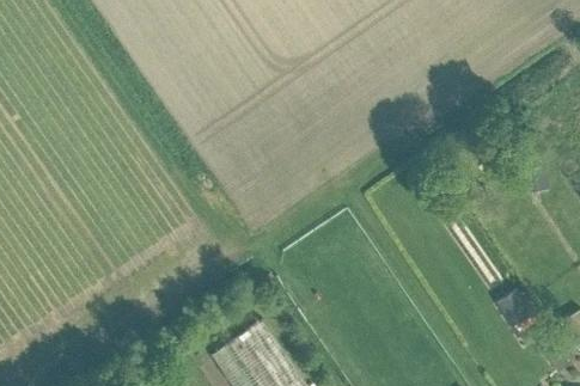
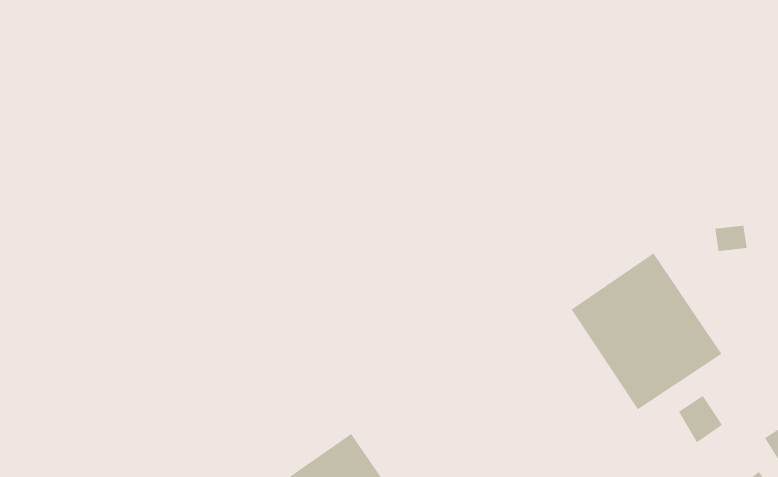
building: none -> [571,253,722,410]

